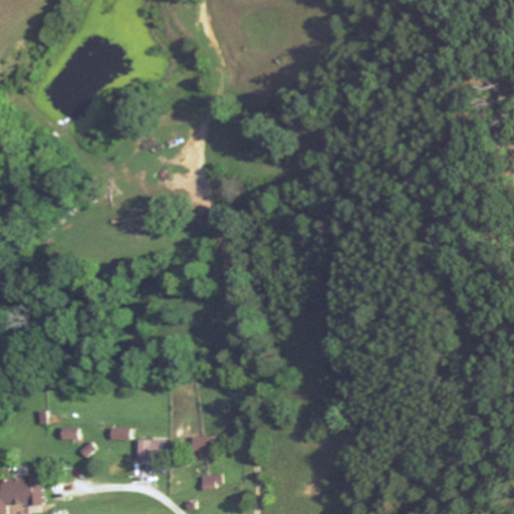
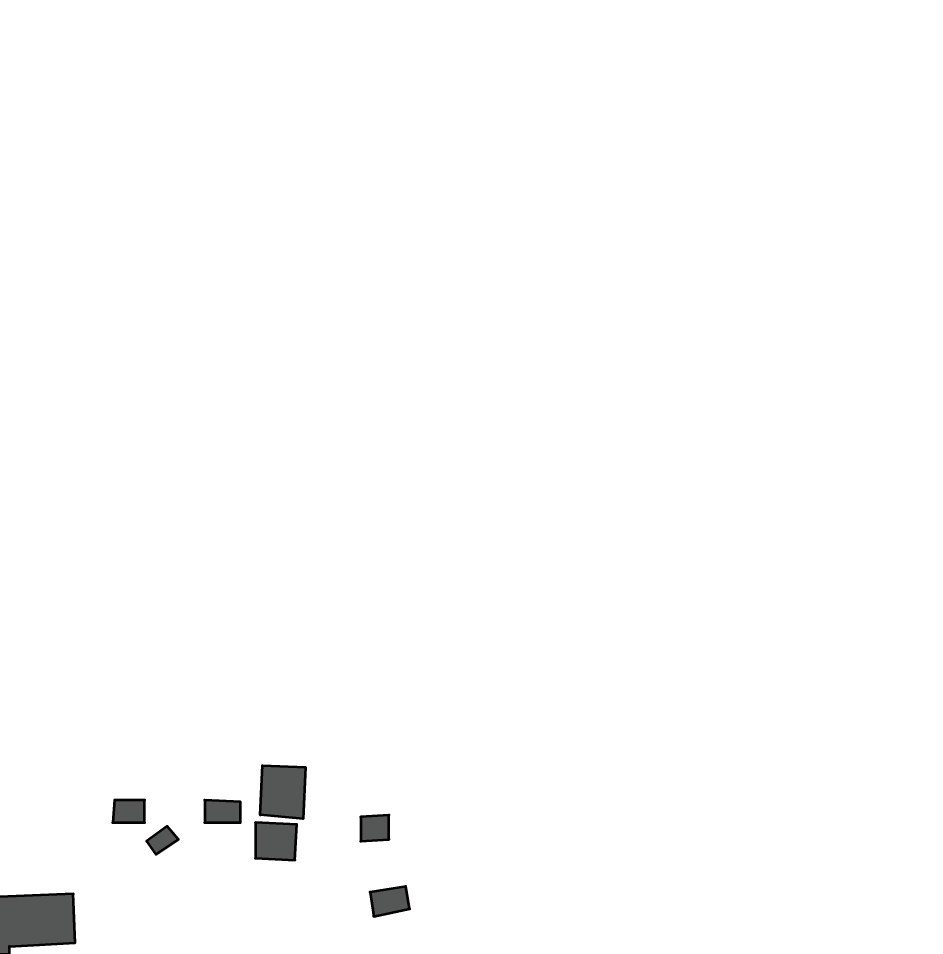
building: none -> [260,766,305,819]

